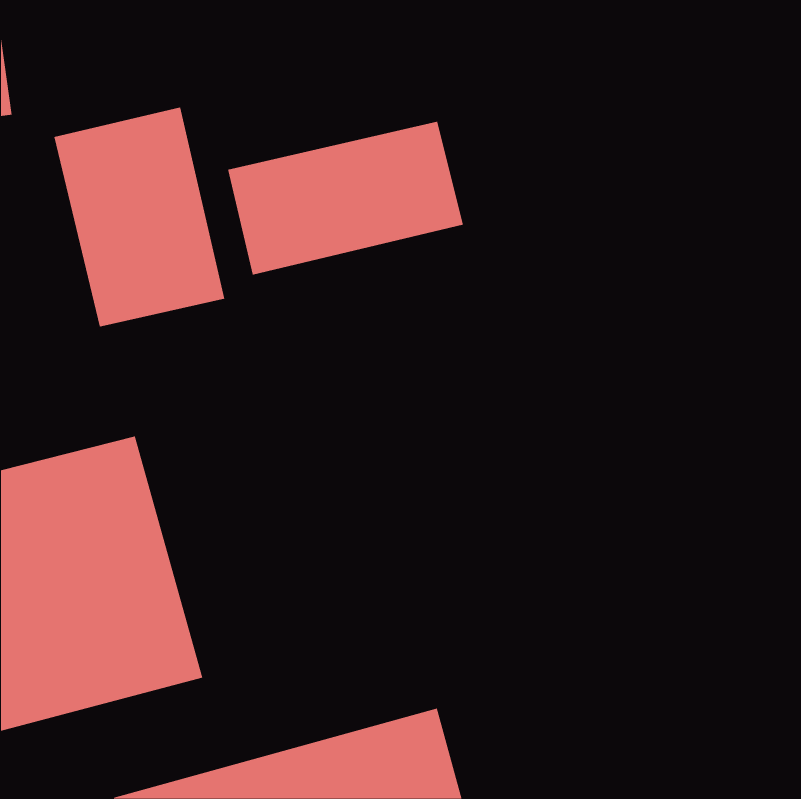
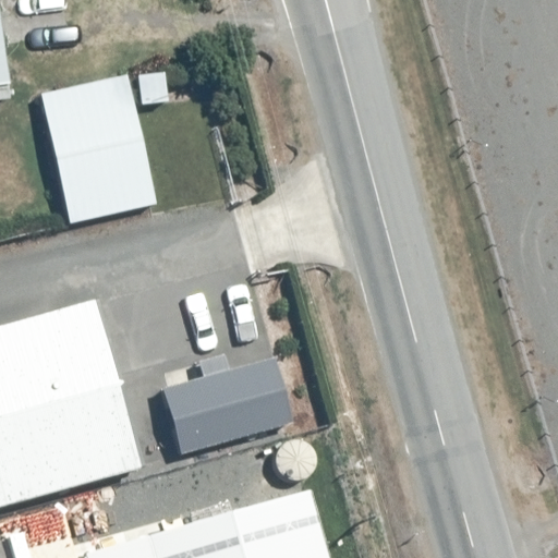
building: [228,121,463,275] -> none
building: none -> [163,359,291,452]

